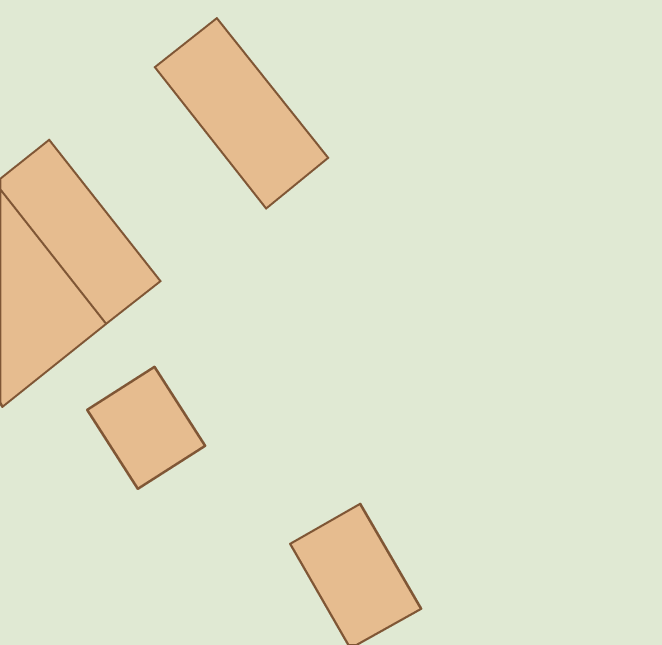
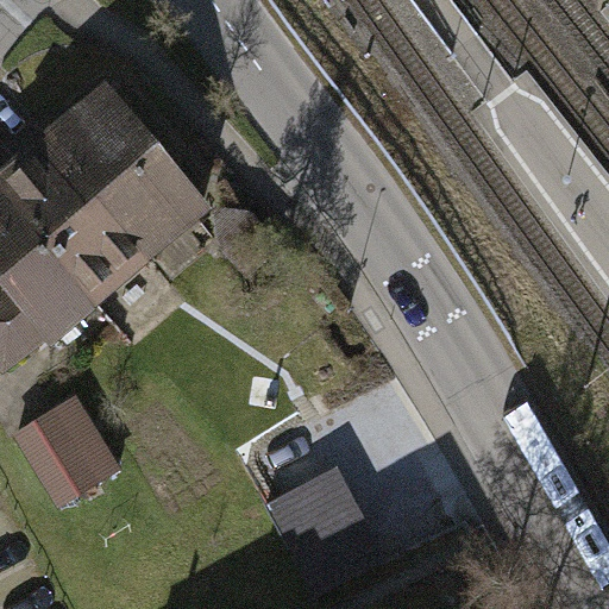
building: [155,18,328,208] -> [45,83,205,258]
building: [87,367,205,489] -> [12,395,120,507]

